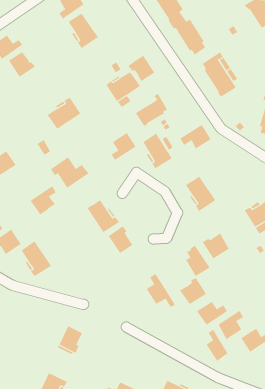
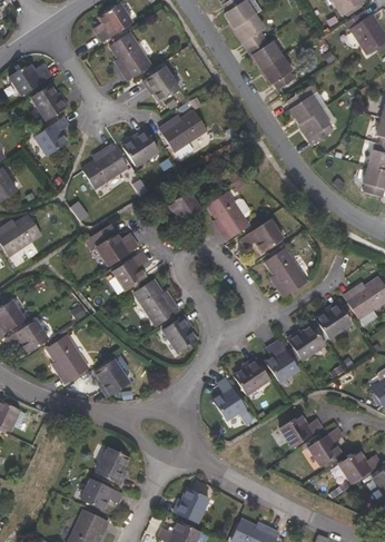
building: [127,55,155,82] -> [141,66,178,101]
building: none -> [33,117,67,155]
building: none -> [122,128,158,165]
building: [135,93,168,127] -> none
building: [180,124,211,149] -> [239,218,282,252]
building: [30,186,57,215] -> [111,250,147,289]
building: none -> [315,300,351,337]
building: none -> [93,358,128,395]
building: [179,277,207,305] -> [233,356,269,393]
building: [206,329,228,362] -> none
building: none -> [81,477,122,509]
building: none -> [174,487,209,522]

